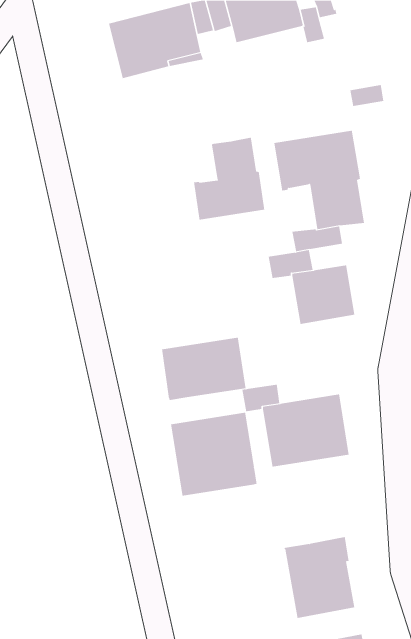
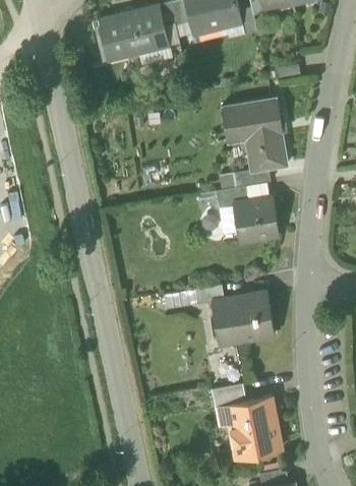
building: [194,137,265,221] -> none
building: [161,337,246,401] -> none
building: [171,412,257,496] -> none
building: none -> [211,383,246,409]

